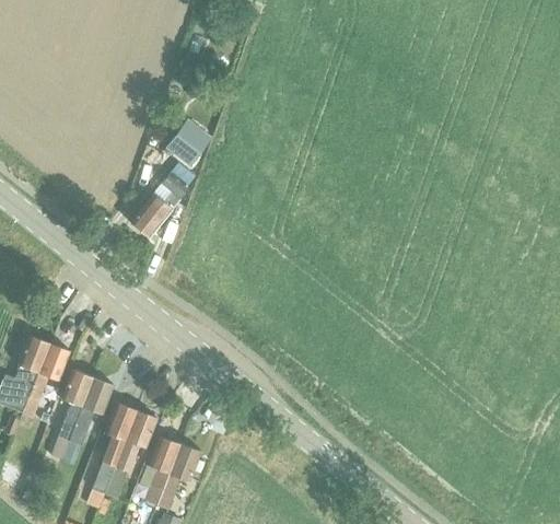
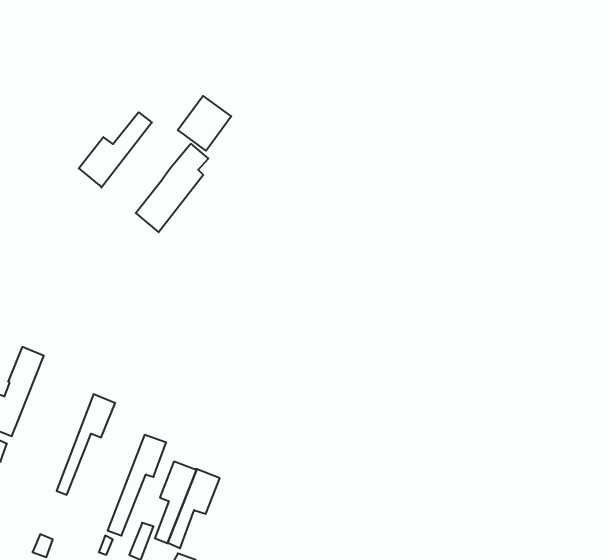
building: none -> [79,112,152,188]
building: [22,343,67,417] -> none
building: [50,370,92,459] -> none
building: [91,404,136,493] -> none

